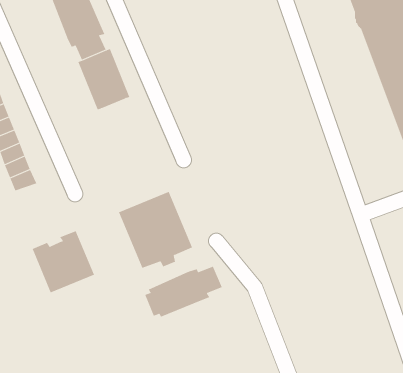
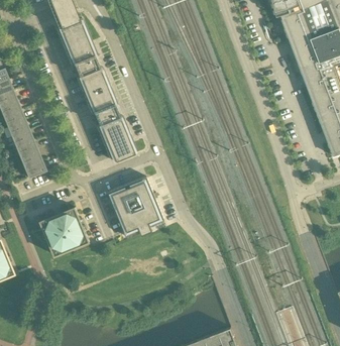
building: none -> [95,106,135,162]
building: [144,266,222,318] -> none

